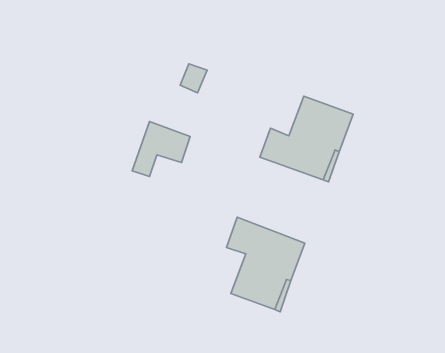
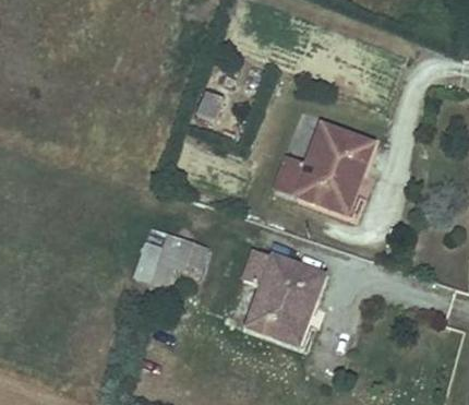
building: [132,122,190,176] -> [151,233,209,288]

